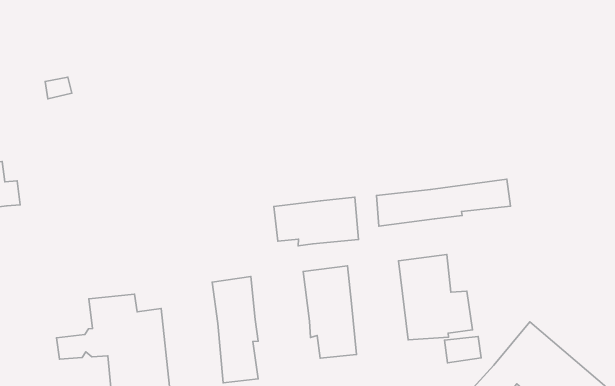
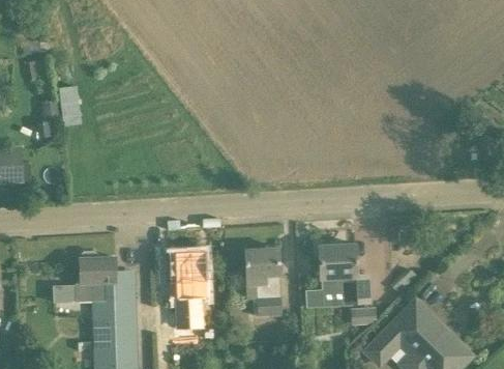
building: [377,179,510,226] -> none
building: [274,197,358,246] -> none

